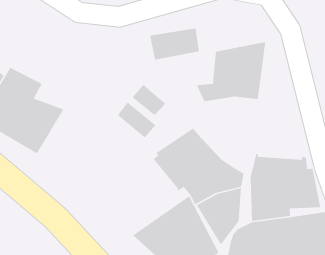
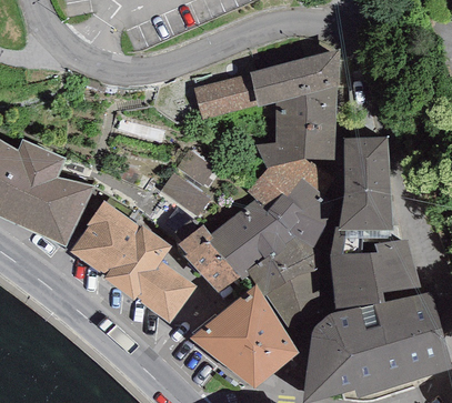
building: none -> [249,49,338,107]
building: none -> [338,137,391,229]
building: none -> [245,158,333,251]
building: none -> [69,200,195,322]
building: none -> [175,224,239,291]

